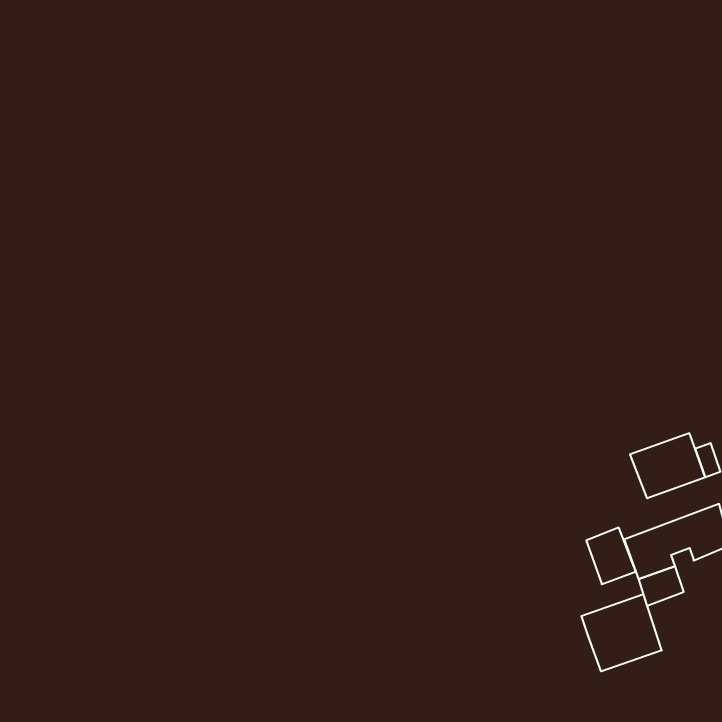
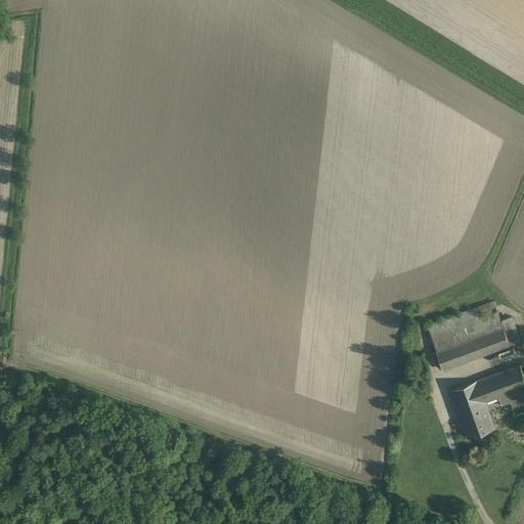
building: [586,528,636,584] -> [433,330,469,370]
building: [581,594,662,671] -> none

